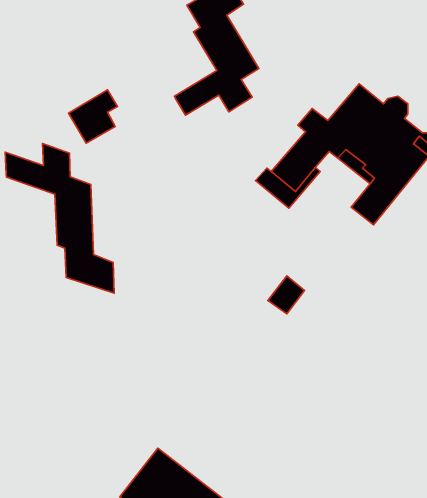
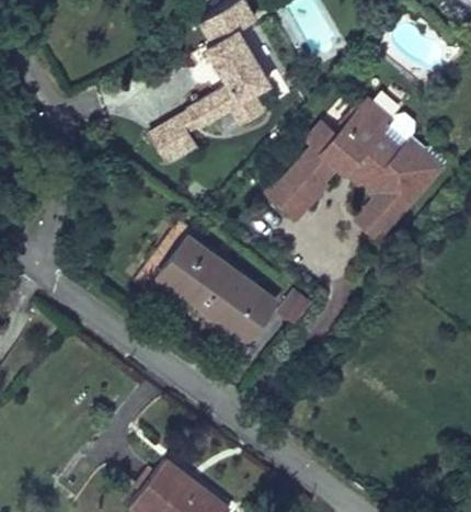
building: [69,90,117,143] -> [146,114,194,167]
building: [5,144,114,293] -> none
building: none -> [154,234,280,348]

